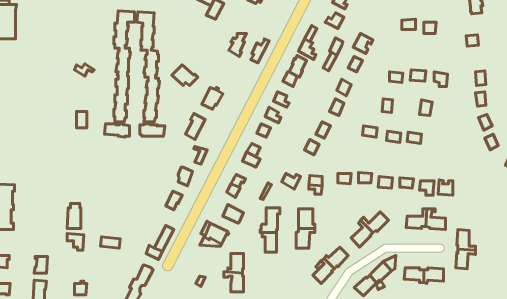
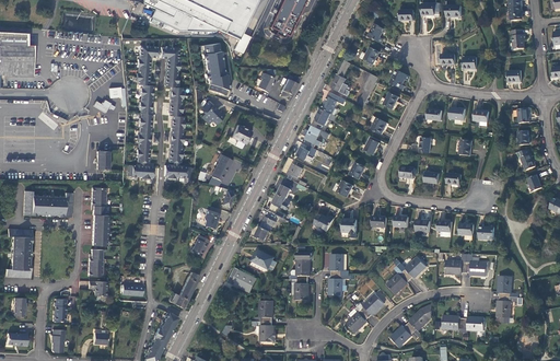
building: none -> [202,42,230,93]
building: none -> [90,186,106,243]
building: none -> [24,189,72,214]

